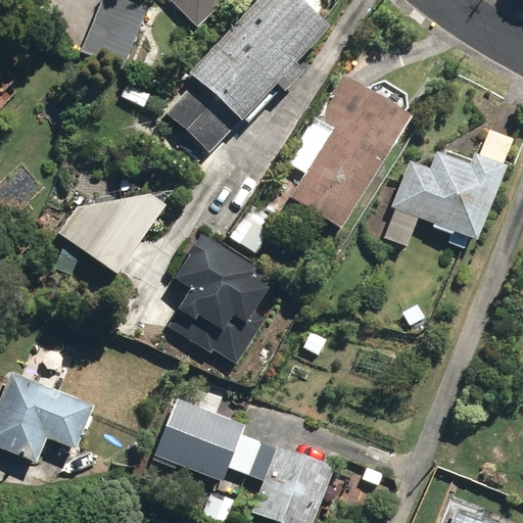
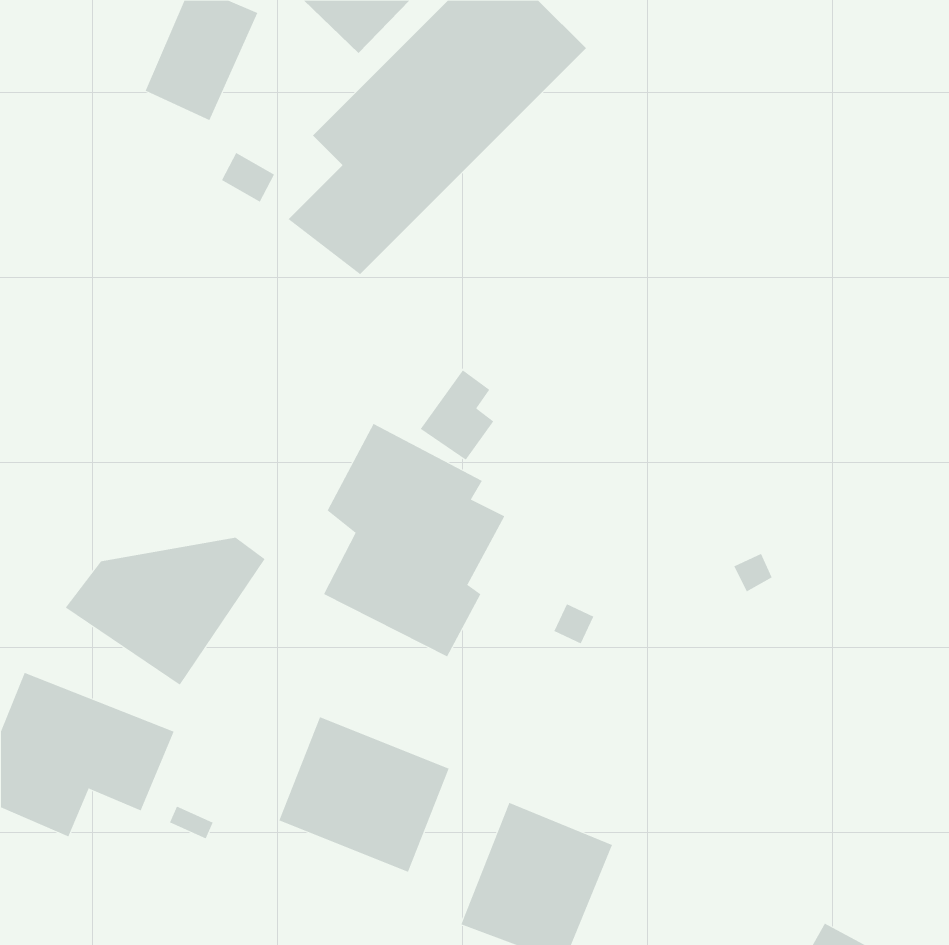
building: [274,70,410,217] -> none
building: [376,126,517,255] -> none
building: [64,195,175,277] -> [65,537,266,686]

